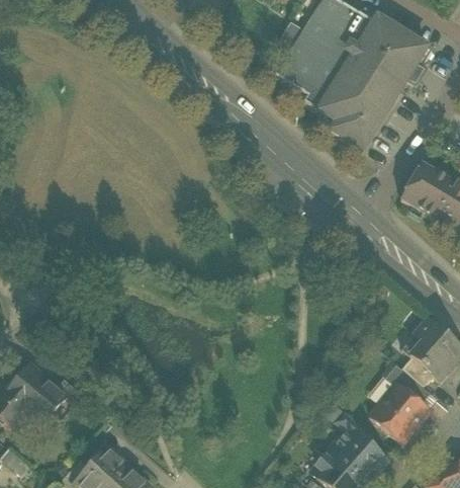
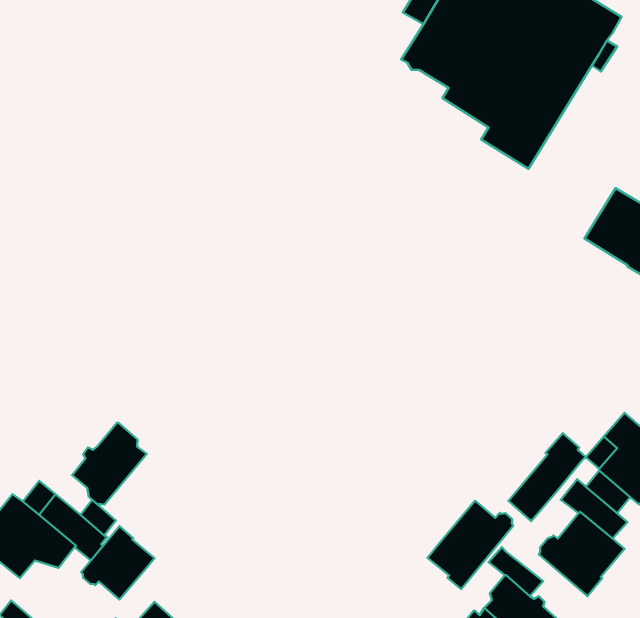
building: none -> [72,423,147,505]
building: none -> [508,433,586,521]
building: none -> [428,501,513,589]
building: none -> [81,526,154,599]

